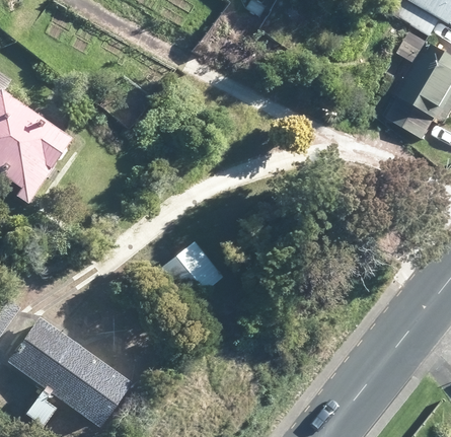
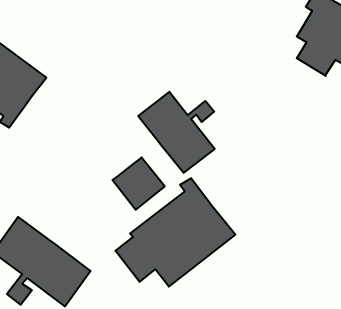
building: none -> [138,92,215,173]
building: none -> [115,178,235,287]

